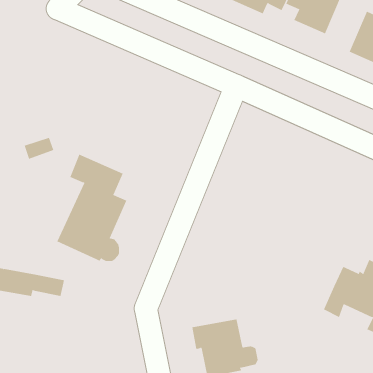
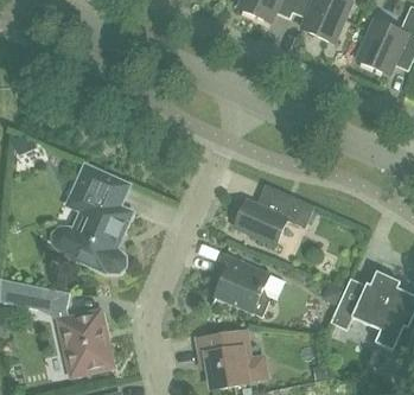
building: none -> [234,181,313,243]
building: none -> [214,251,268,314]
building: none -> [57,308,113,375]

